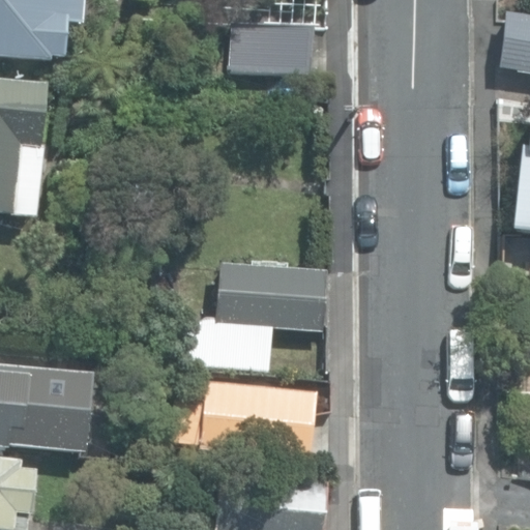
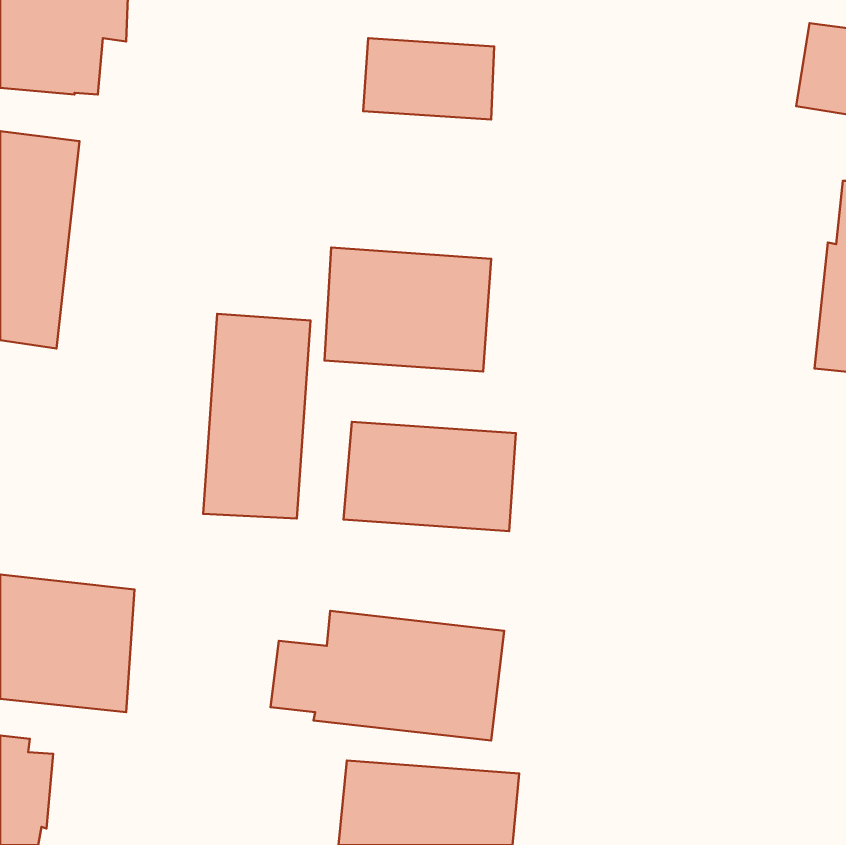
building: none -> [325,247,491,371]
building: none -> [203,314,310,519]

